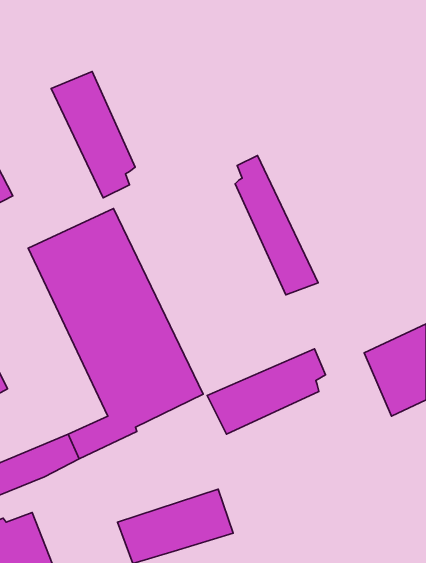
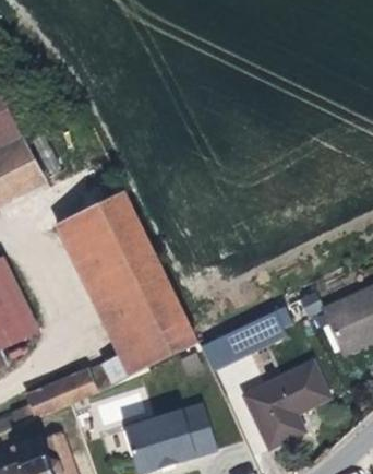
building: [51,72,135,198] -> none
building: [235,156,318,295] -> none
building: none -> [249,362,327,442]

